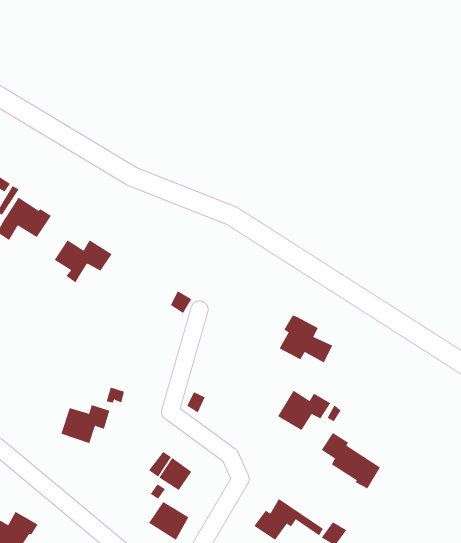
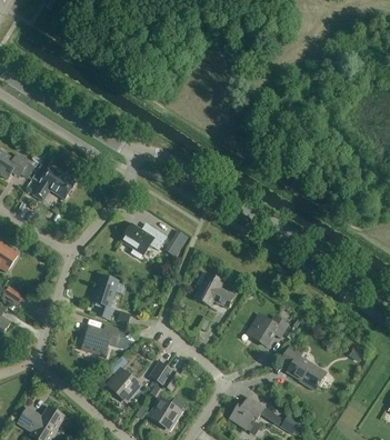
building: [54,239,112,283] -> [122,226,167,259]
building: [279,315,333,363] -> [193,272,234,309]
building: none -> [92,276,123,320]
building: none -> [108,369,140,400]

